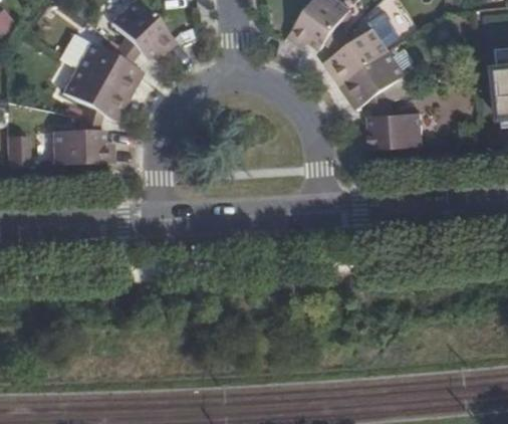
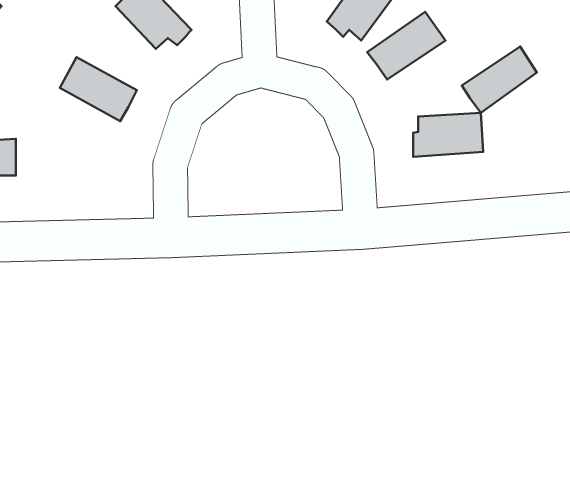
building: [78,42,144,93] -> none
building: [341,51,405,108] -> [462,46,537,113]
building: [52,130,114,165] -> none

